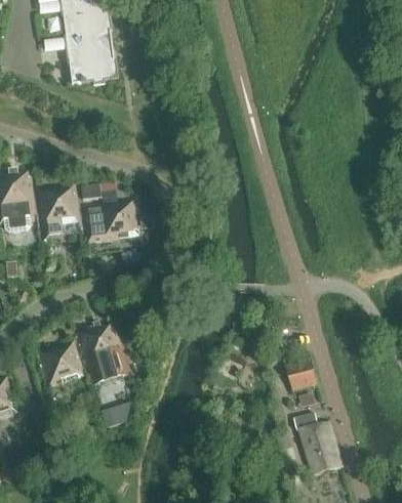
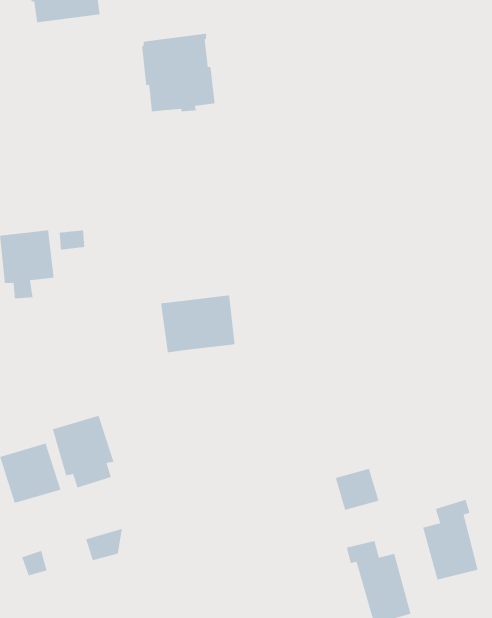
building: [65,26,119,84] -> [141,33,215,112]
building: [83,198,138,241] -> [160,295,236,353]
building: none -> [422,499,478,581]

